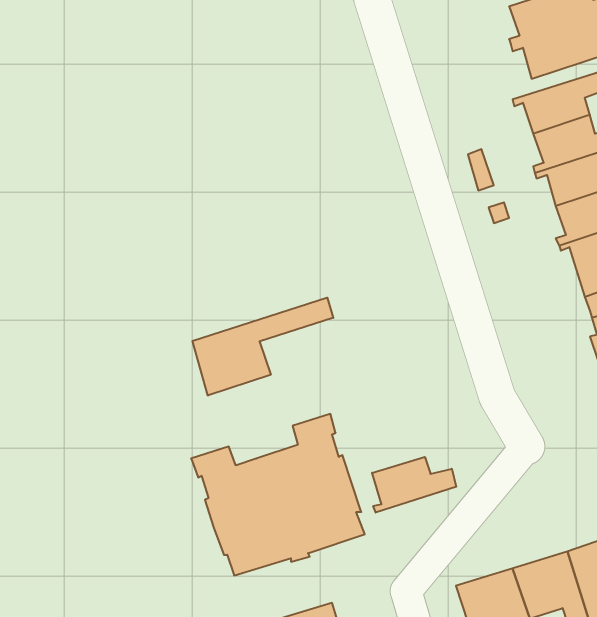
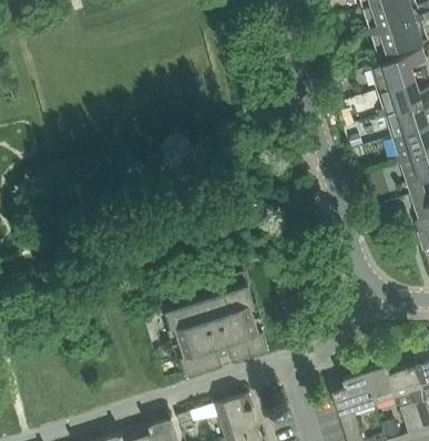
building: [192,298,333,396] -> none
building: [372,457,456,513] -> none

